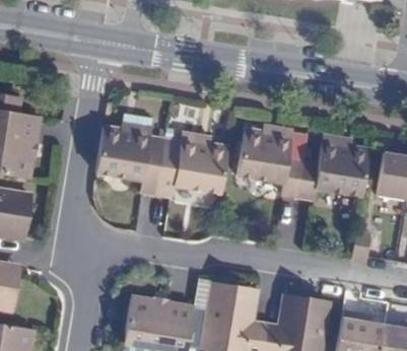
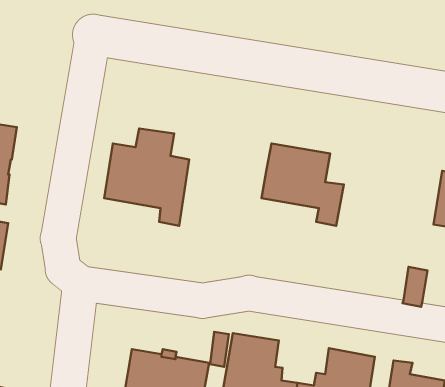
building: [168,142,240,198] -> none
building: [296,142,368,198] -> none

